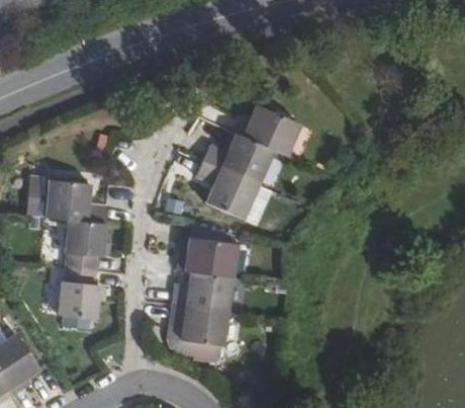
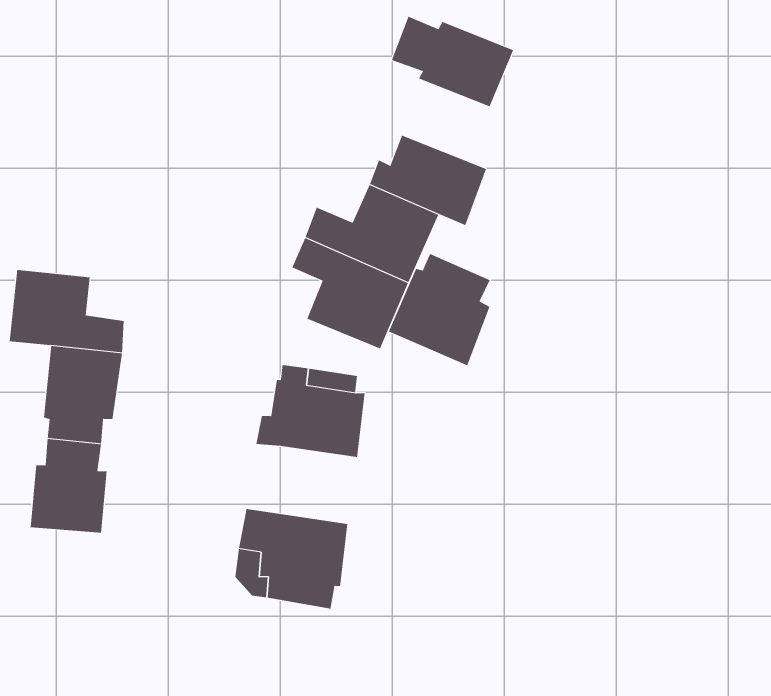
building: none -> [391,16,514,107]
building: none -> [388,253,490,366]
building: [173,272,233,314] -> none

